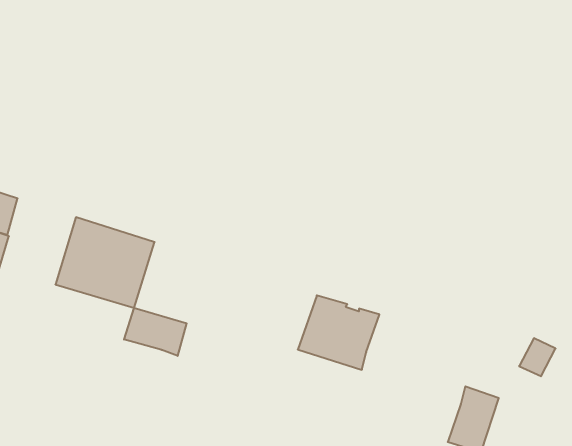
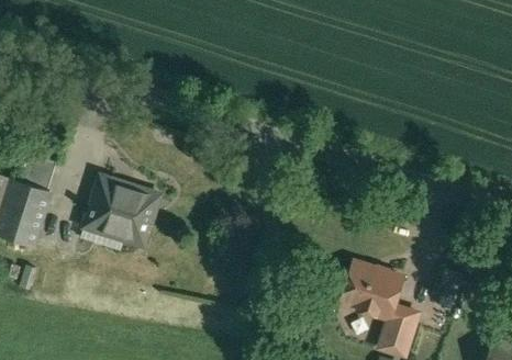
building: [298,295,379,370] -> [341,262,402,318]
building: [124,308,187,356] -> none

